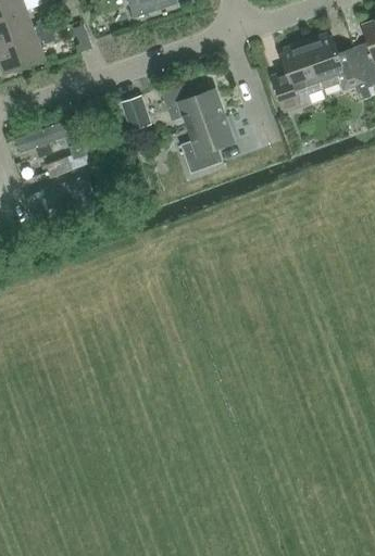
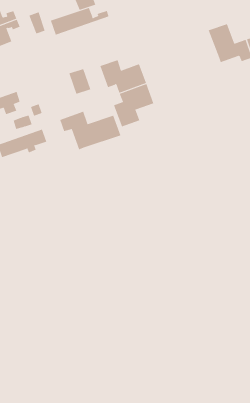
building: none -> [50,7,109,35]
building: [276,45,323,111] -> none
building: none -> [59,111,121,150]

